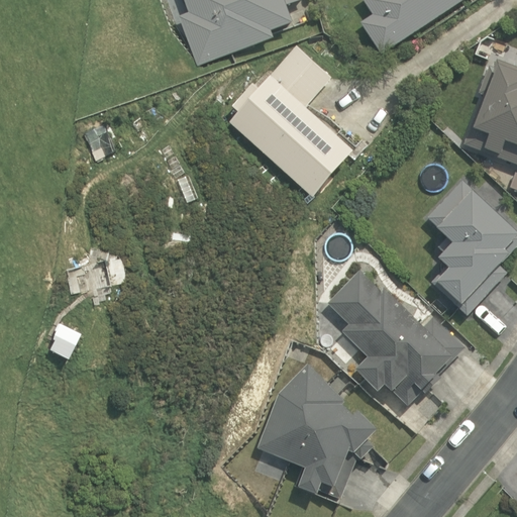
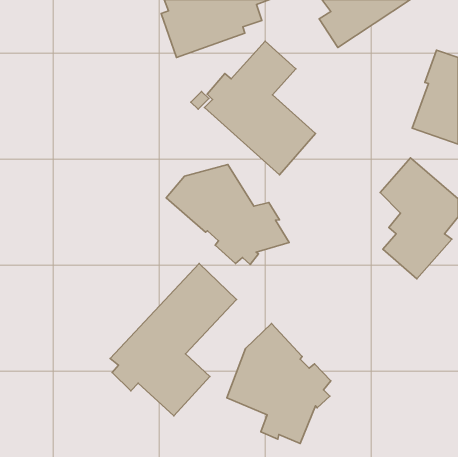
building: none -> [166,165,289,265]
building: [326,271,462,406] -> none
building: none -> [110,263,236,416]

